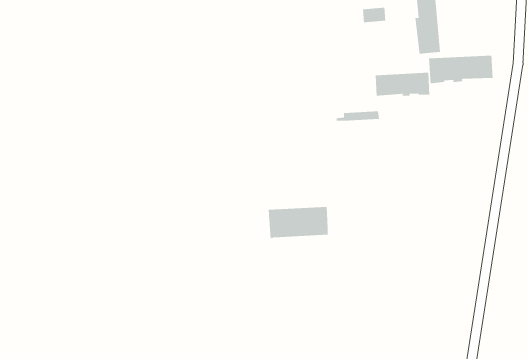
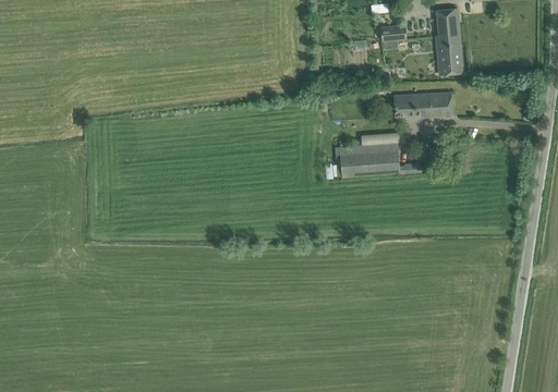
building: [429,55,493,84] -> none
building: [268,206,329,239] -> [335,144,398,177]

